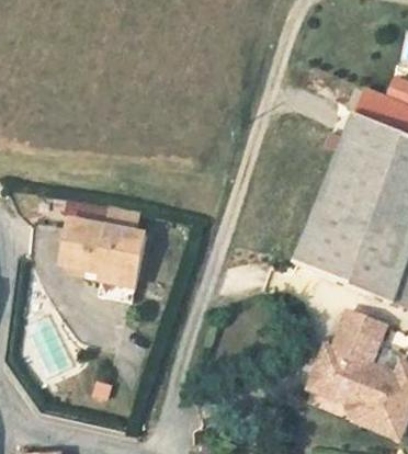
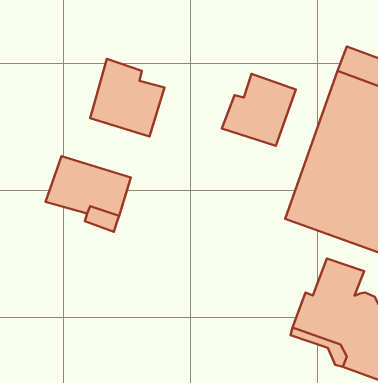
building: none -> [90,59,165,136]
building: none -> [222,74,296,146]

